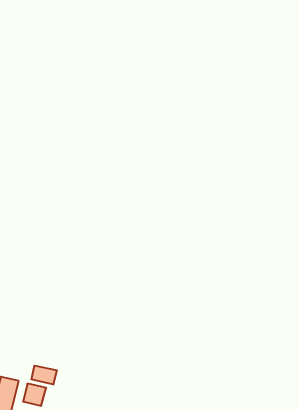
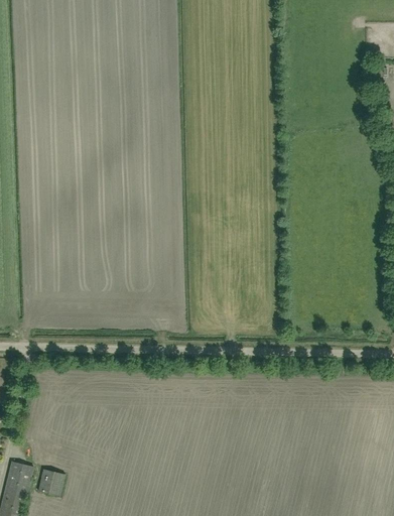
building: [31,366,57,385] -> none

